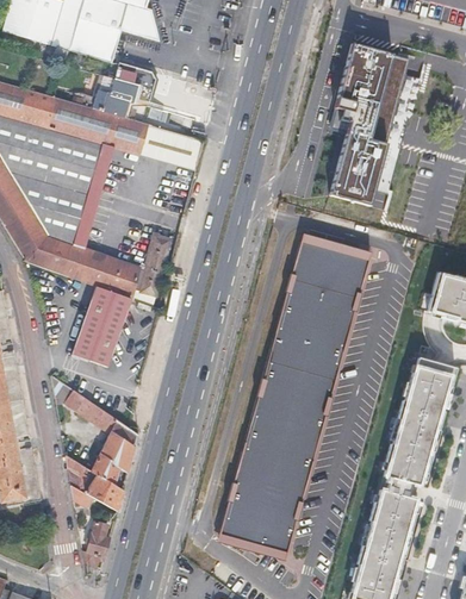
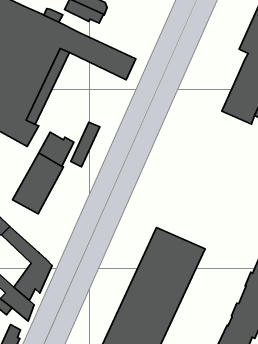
building: [94,91,133,118] -> none
building: [267,235,369,378] -> none
building: [79,250,106,286] -> none

